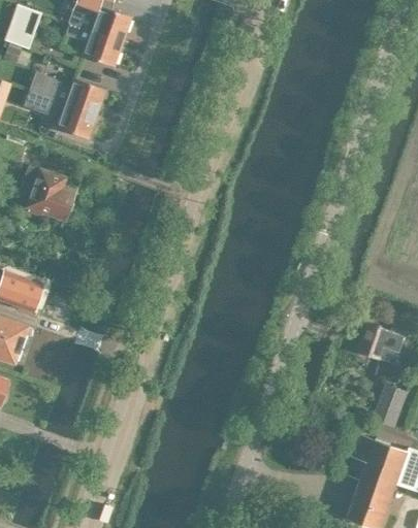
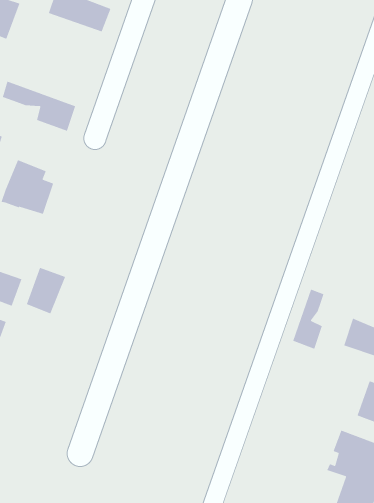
building: [64,24,122,67] -> none
building: [28,71,105,114] -> none
building: none -> [26,267,66,315]
building: none -> [292,288,325,350]

